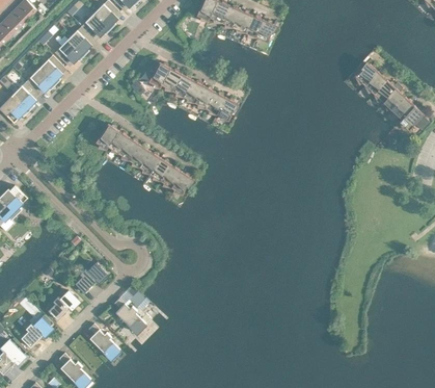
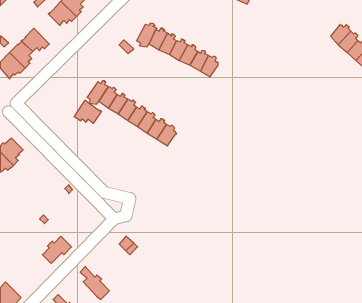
building: [38,55,64,85] -> none
building: none -> [74,100,101,123]
building: [75,264,106,293] -> none
building: [113,299,145,334] -> none
building: [21,318,52,347] -> none

